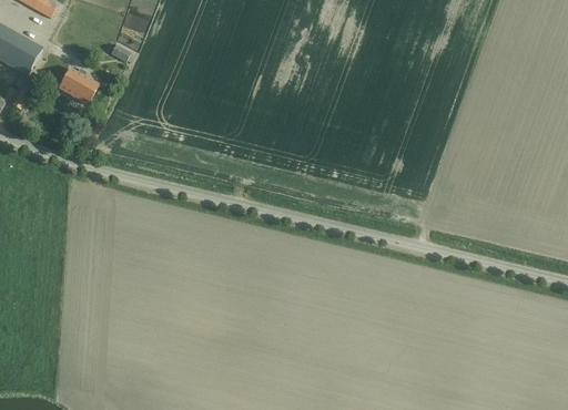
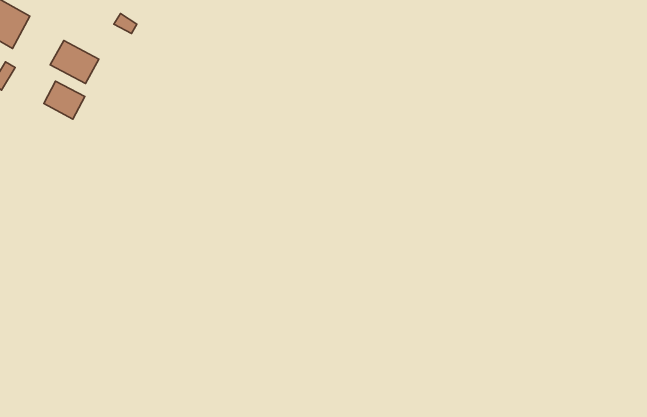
building: none -> [44,81,85,119]

